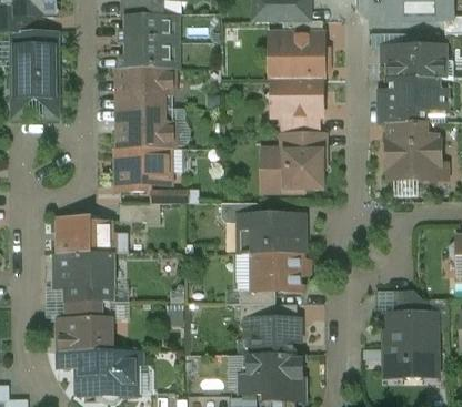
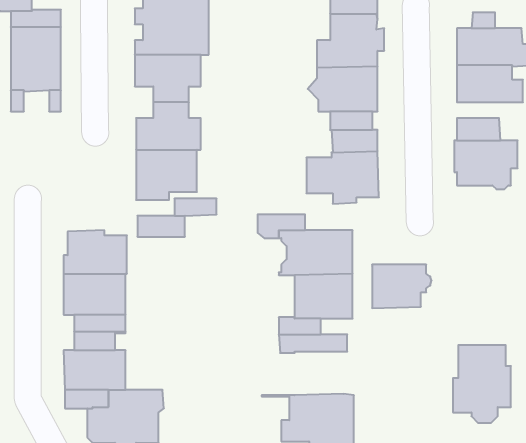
building: [380,103,424,123] -> none
building: [398,291,430,313] -> none
building: [252,318,302,355] -> [372,265,432,308]

